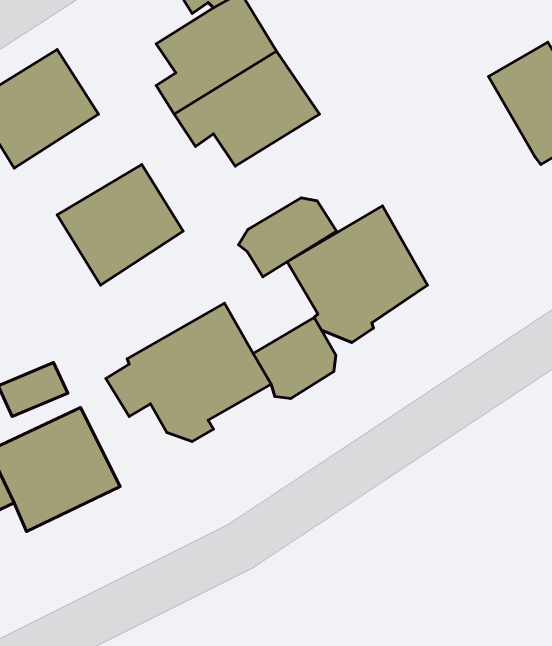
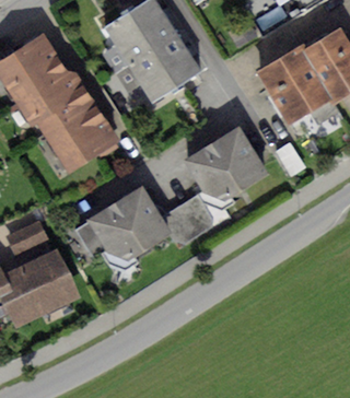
building: none -> [256,44,334,124]
building: none -> [16,70,94,131]
building: [238,198,337,277] -> none

